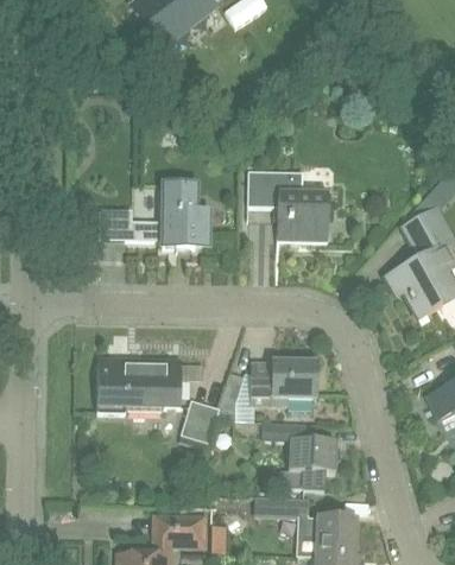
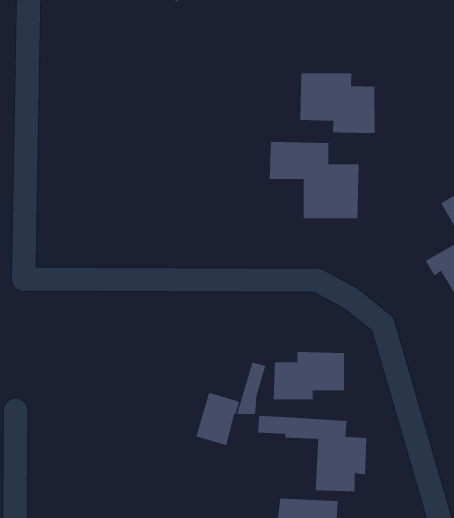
building: none -> [300,72,375,134]
building: [100,183,208,247] -> none
building: [97,358,202,412] -> none

